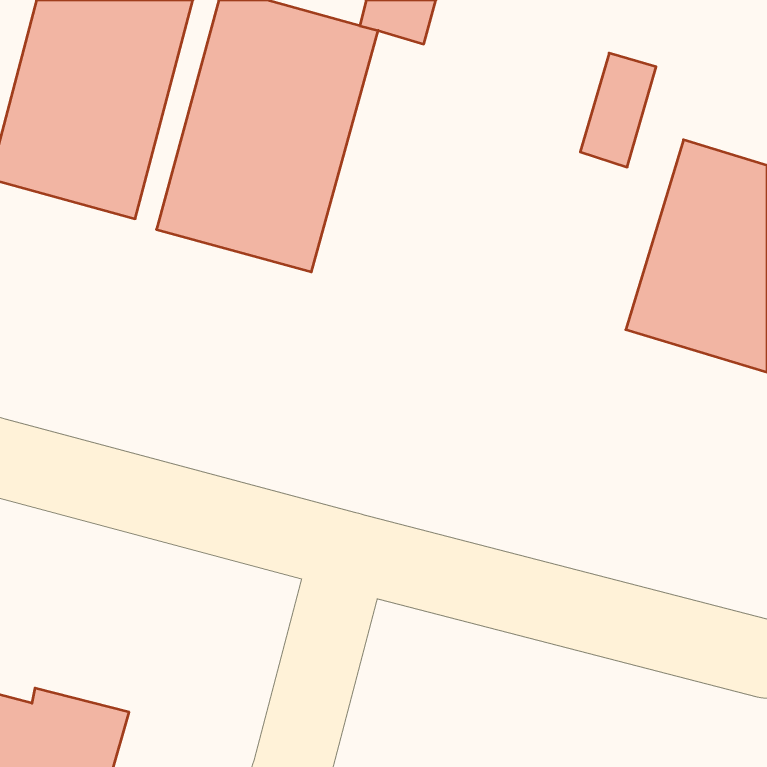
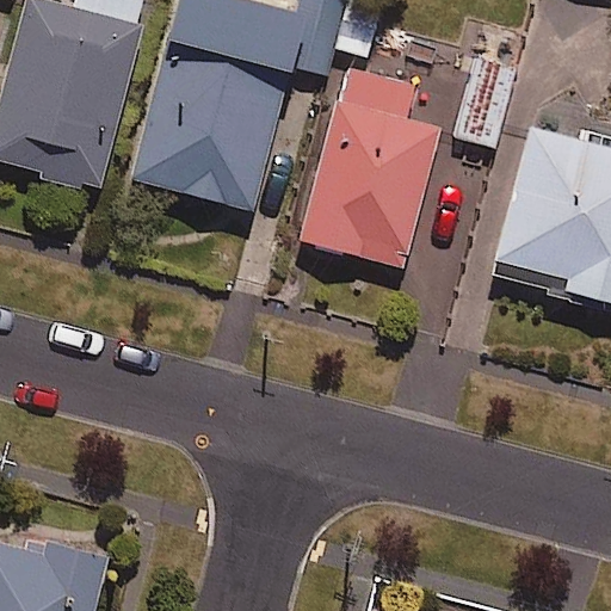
building: none -> [301,57,450,260]

